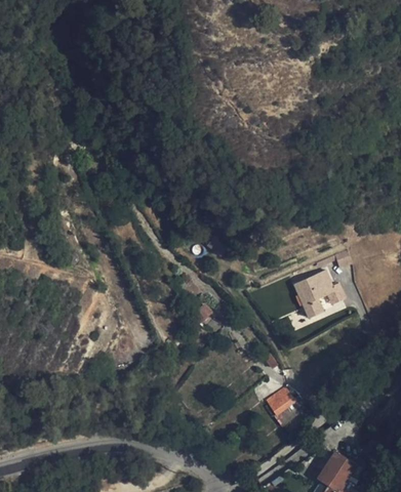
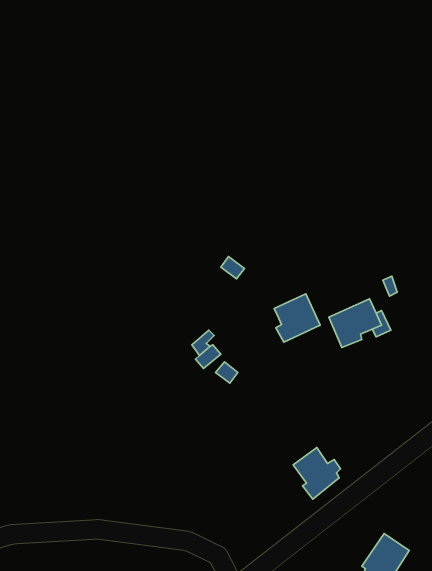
building: none -> [274,294,320,342]

